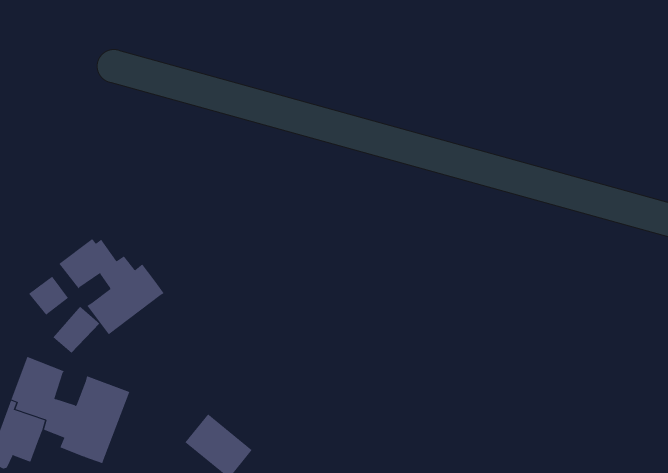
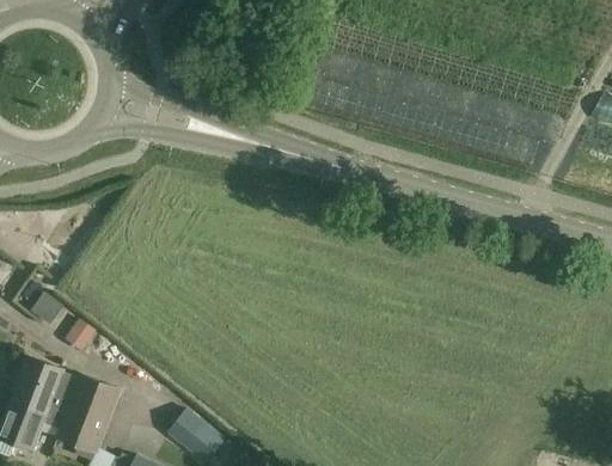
building: [59,238,164,335] -> none

